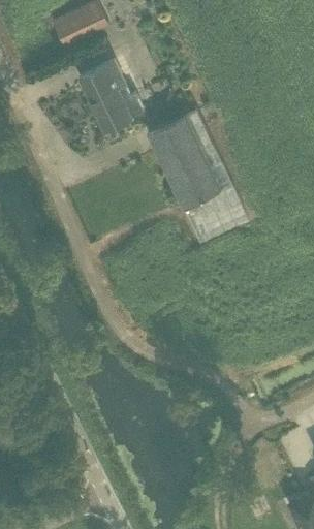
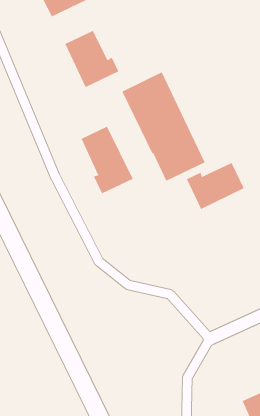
building: none -> [81,126,133,194]
building: none -> [186,162,244,210]

